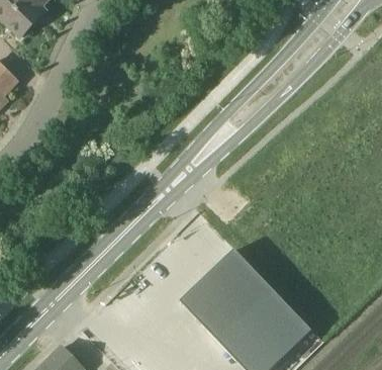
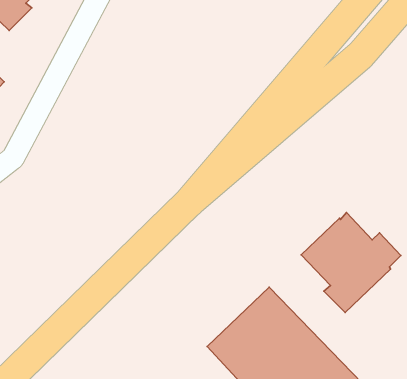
building: none -> [301,213,401,313]

